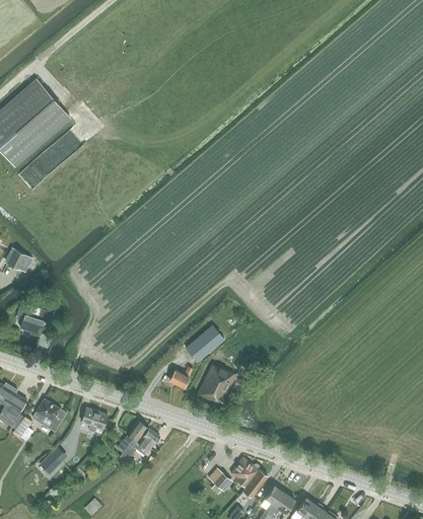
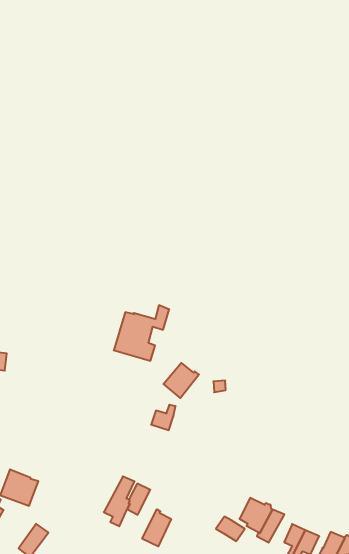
building: [197,363,250,409] -> [114,305,169,361]
building: [81,406,108,434] -> none
building: none -> [142,509,171,546]

